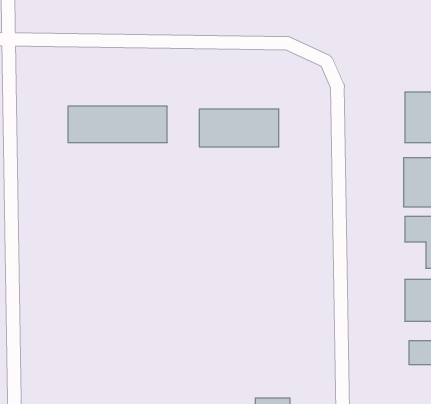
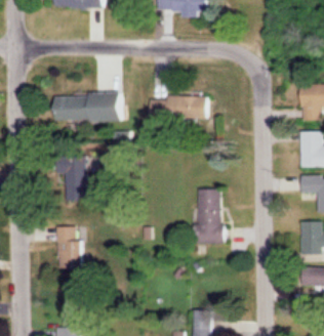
building: none -> [58,155,89,200]
building: none -> [197,188,222,242]
building: none -> [57,226,80,269]

